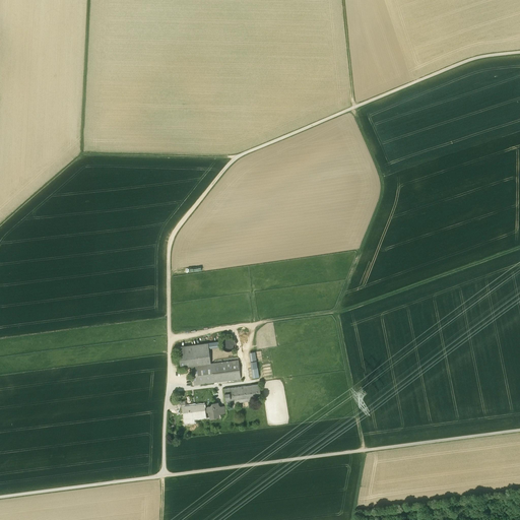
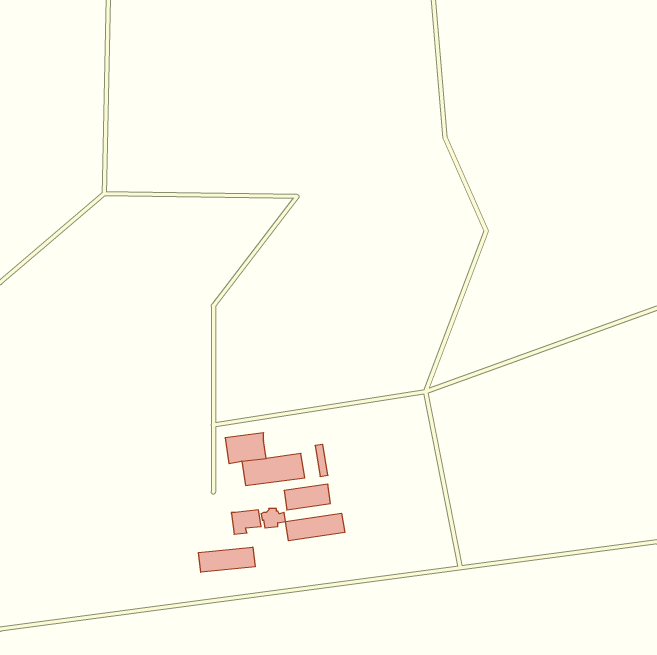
building: none -> [285,513,345,541]
building: none -> [198,547,255,572]

